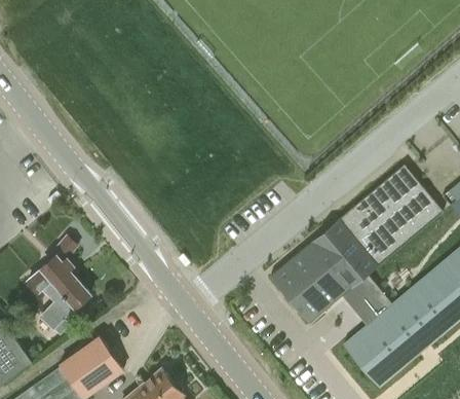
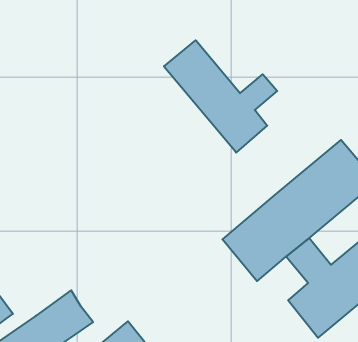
building: none -> [164,40,277,153]
building: [27,237,89,331] -> none

